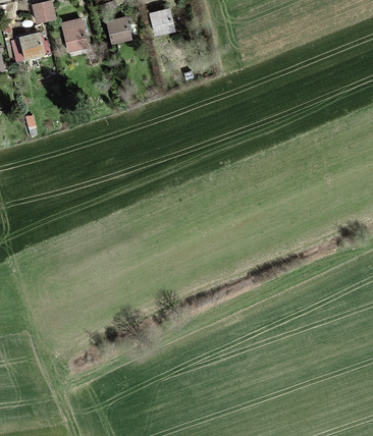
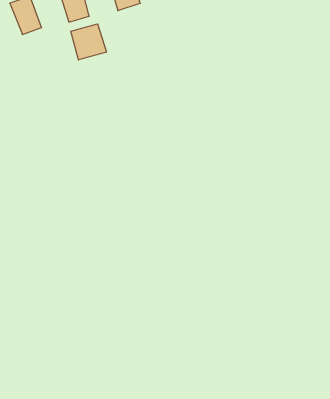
building: none -> [71,24,106,60]

